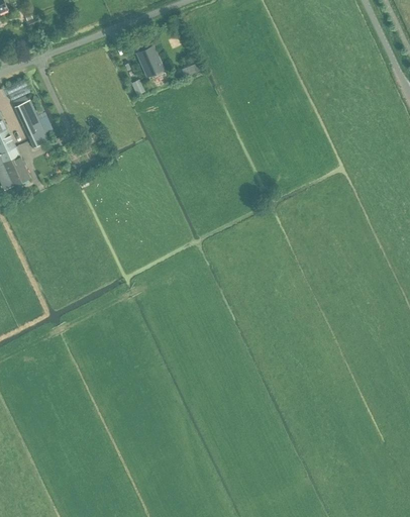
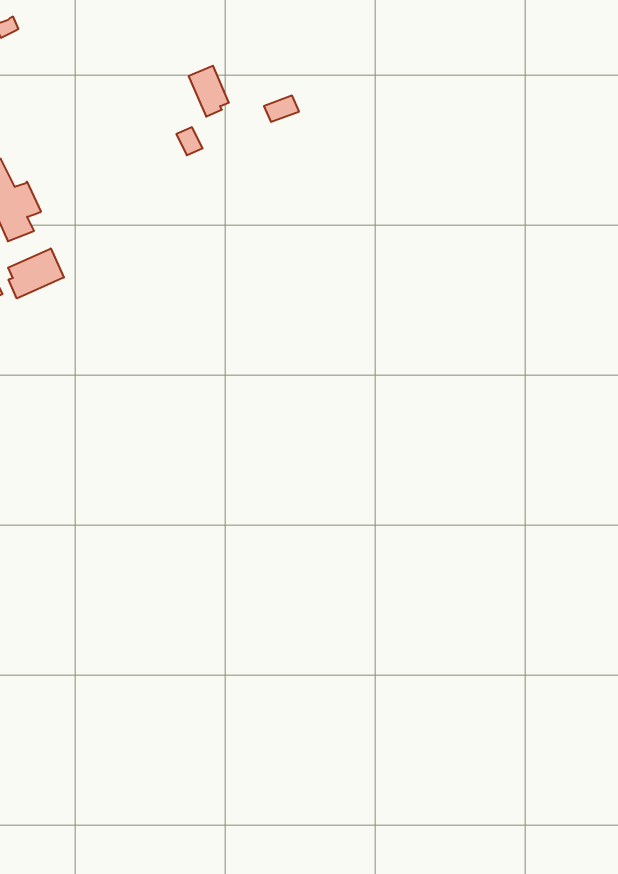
building: none -> [8,248,64,298]

